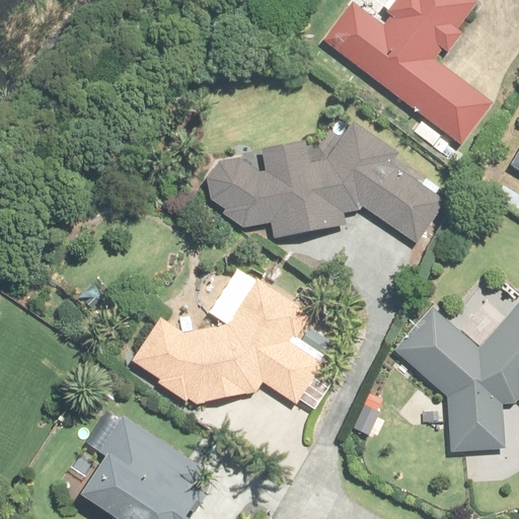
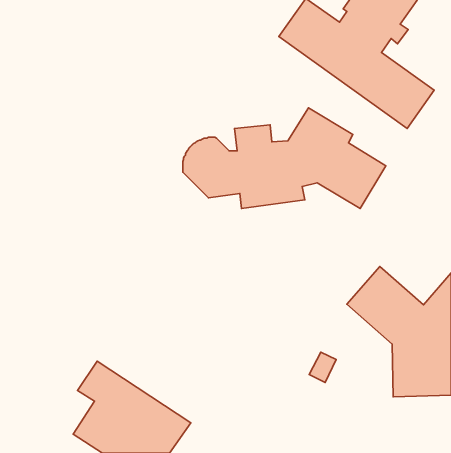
building: [133,268,325,405] -> none

